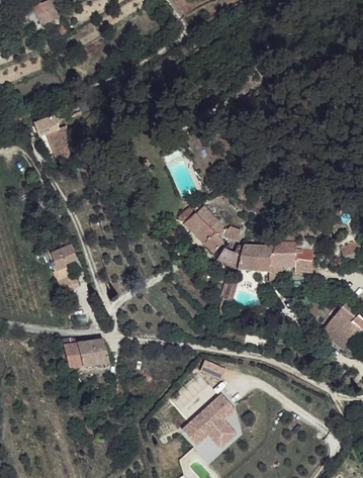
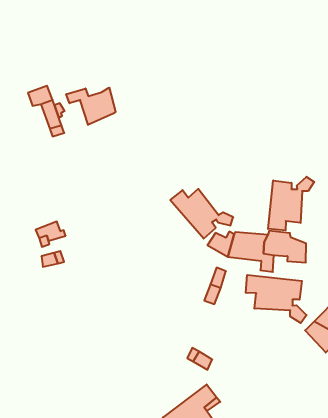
building: none -> [66,88,116,125]
building: none -> [268,177,314,230]
building: none -> [246,275,307,323]
building: [65,338,109,369] -> none

